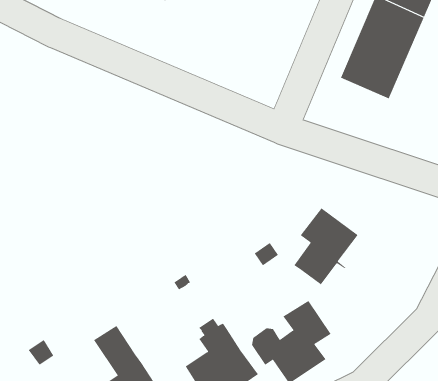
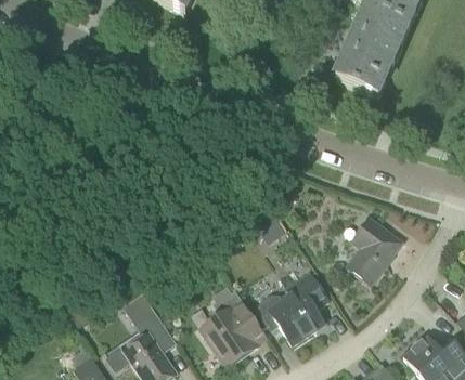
building: [293,207,359,285] -> [345,219,401,286]

